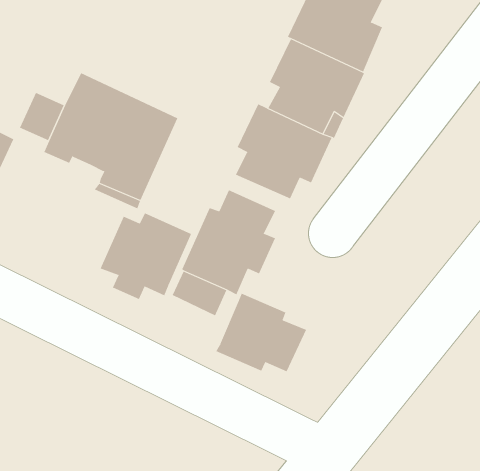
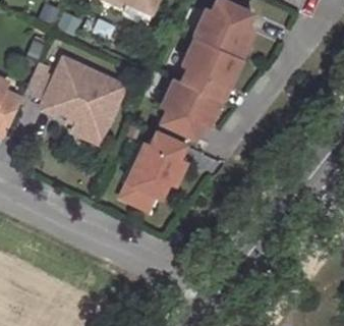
building: [100,213,191,300] -> none
building: [215,293,307,372] -> none

